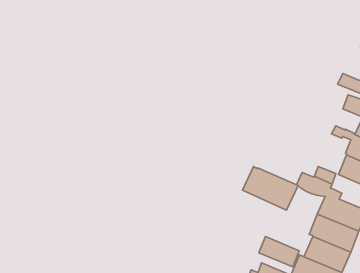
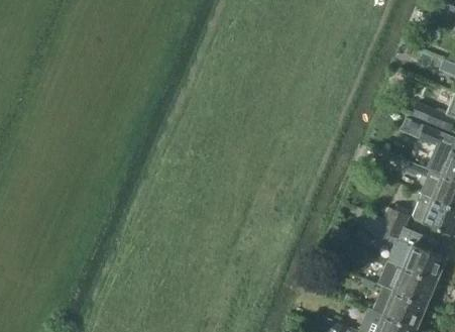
building: [243,166,298,210] -> none
building: [259,237,299,267] -> none

